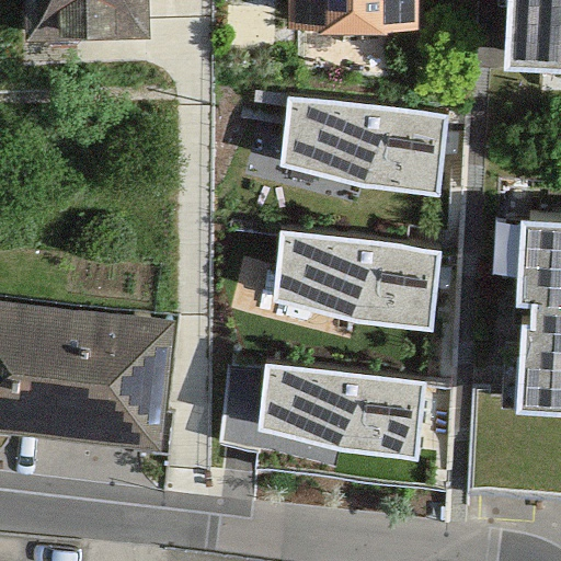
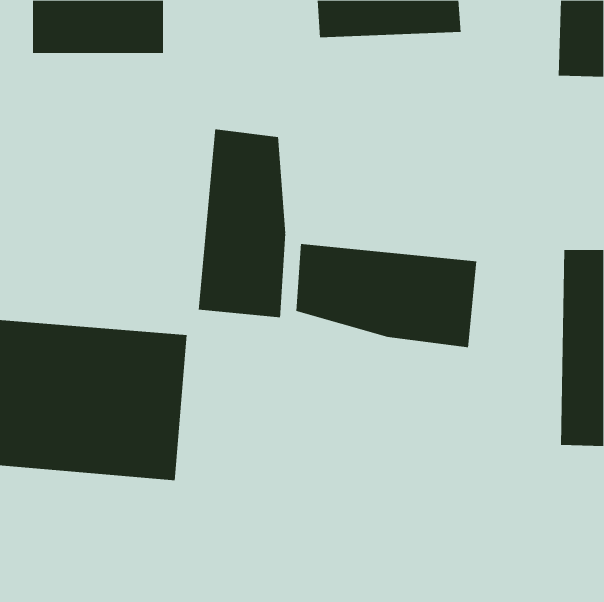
building: [283,98,444,190] -> none
building: none -> [198,128,286,318]
building: [262,364,430,460] -> none

